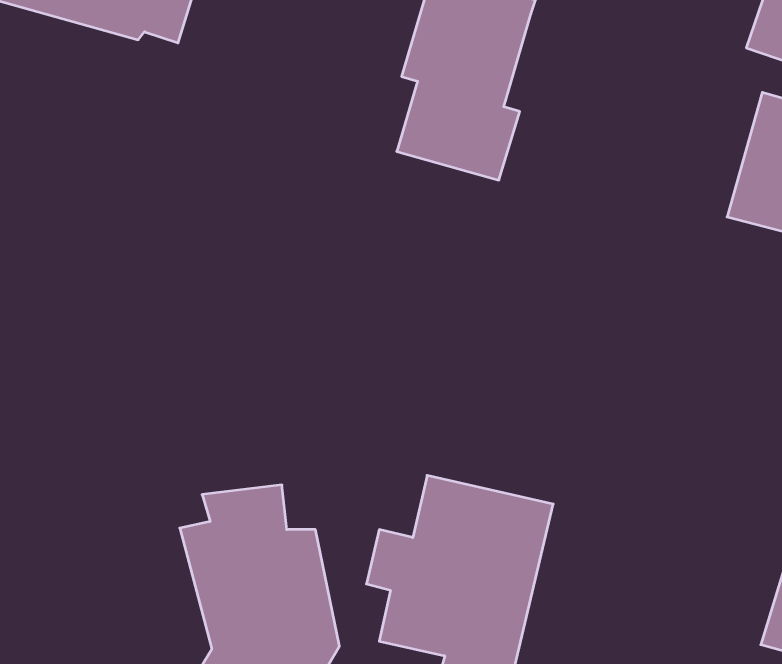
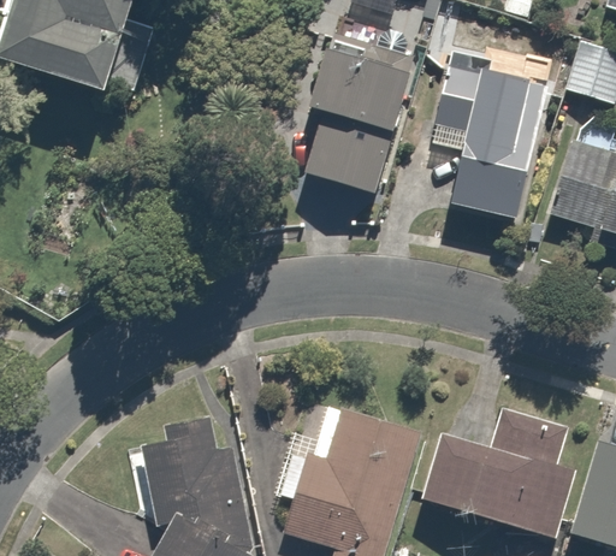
building: none -> [430,66,555,225]
building: none -> [426,412,581,537]

